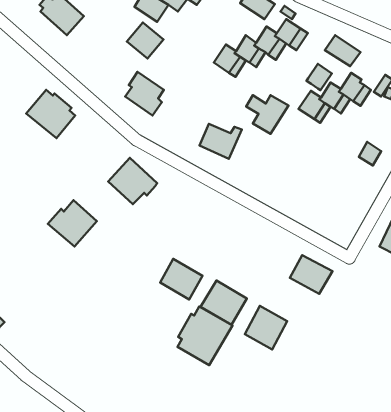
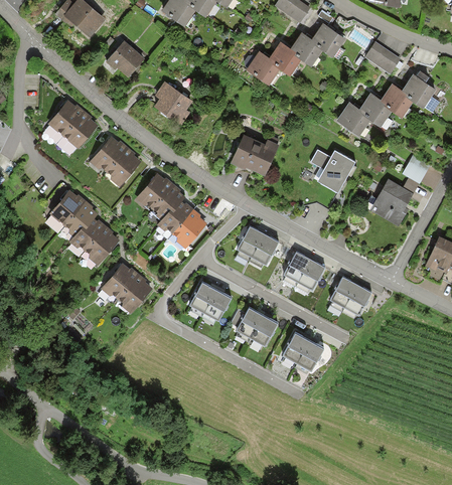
building: [127,23,164,59] -> [106,40,145,78]
building: [306,64,332,90] -> [402,73,429,102]
building: [246,95,289,134] -> [308,148,353,189]
building: none -> [88,134,143,188]
building: none -> [370,180,410,223]
building: none -> [46,189,98,236]
building: none -> [156,202,207,251]
building: none -> [236,225,281,267]
building: none -> [280,251,324,293]
building: none -> [98,261,153,316]
building: [177,306,233,365] -> none

